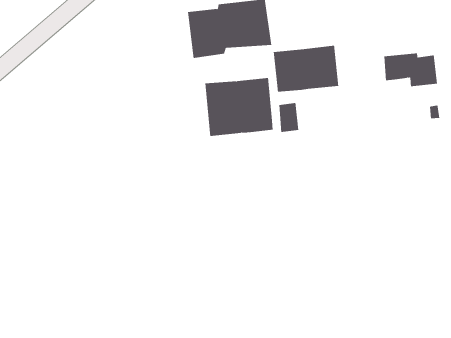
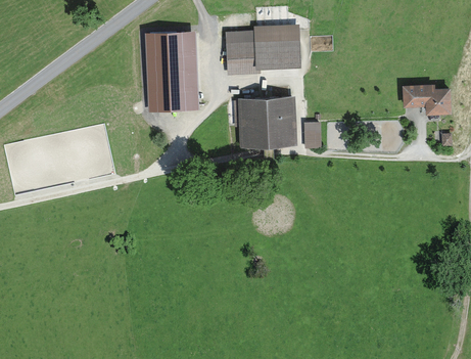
building: none -> [146,34,198,113]
building: [273,45,339,93] -> none

